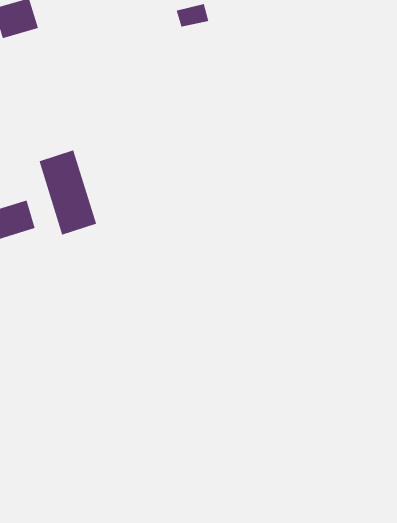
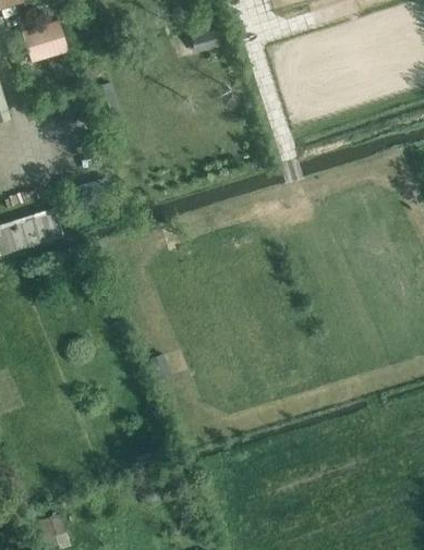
building: [39,149,97,235] -> none

